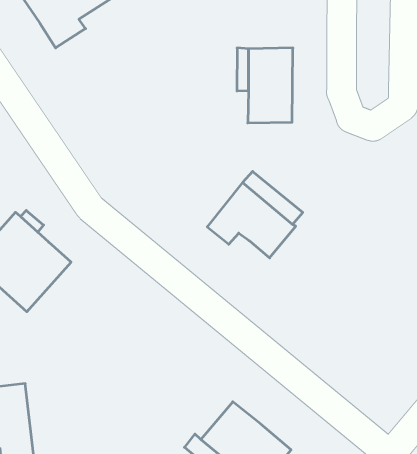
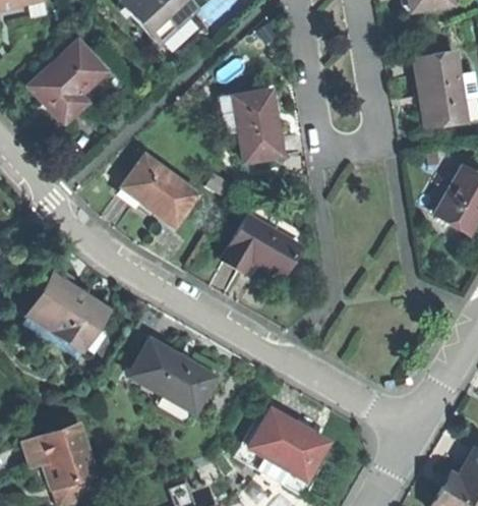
building: none -> [122,156,198,226]
building: none -> [129,339,216,412]

